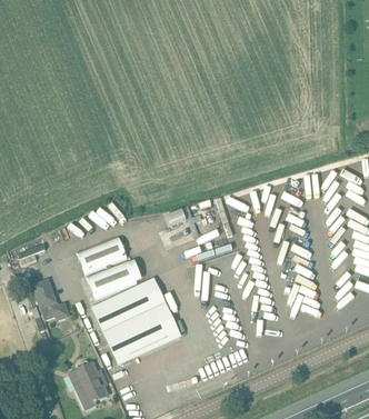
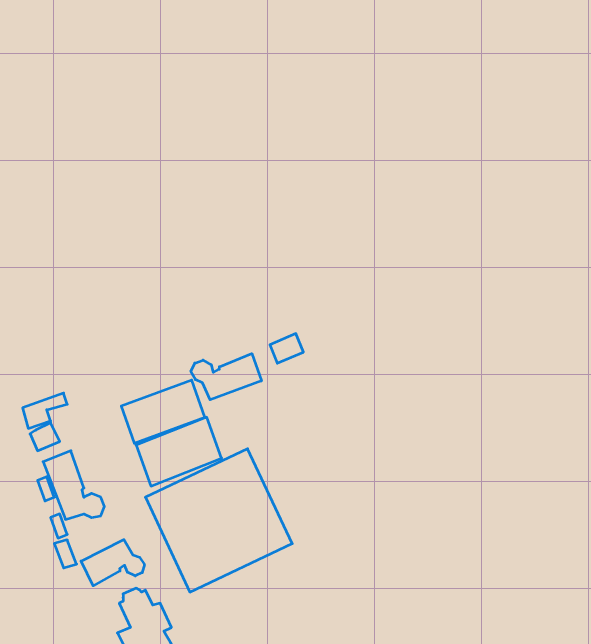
building: none -> [191,354,261,400]
building: none -> [81,540,144,586]

